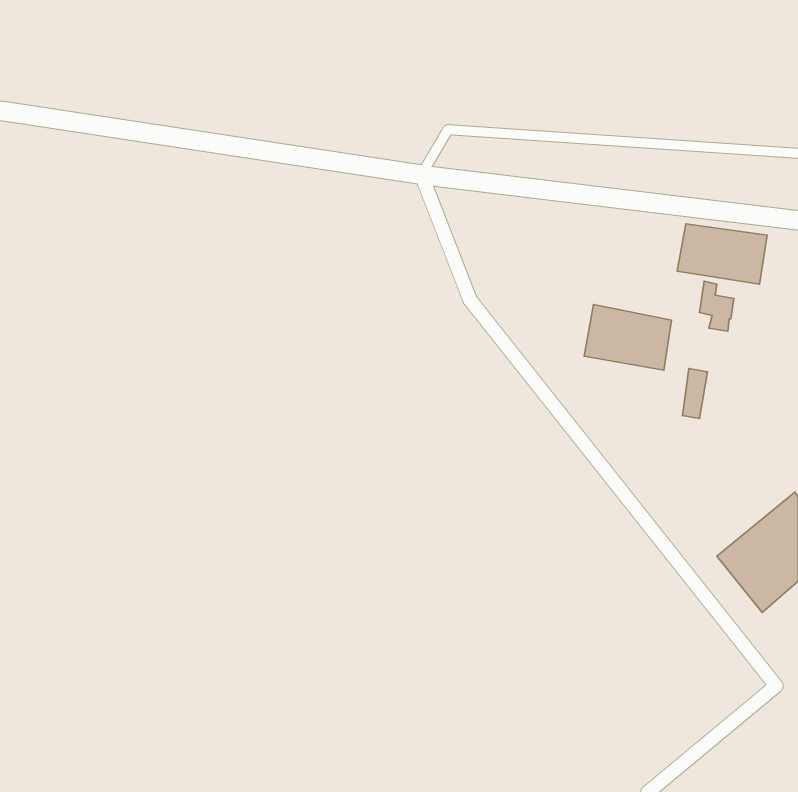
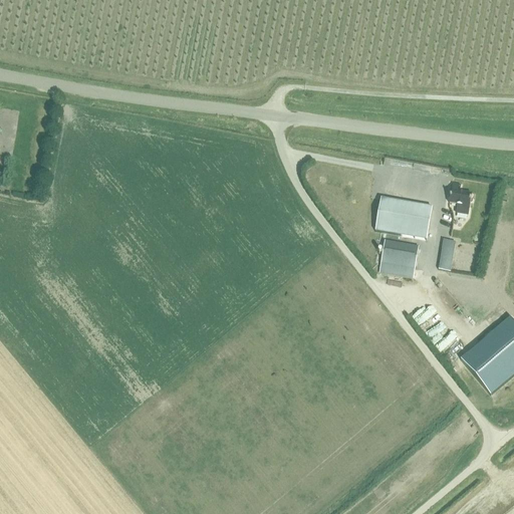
building: [677,224,767,284] -> none
building: none -> [379,239,419,276]

